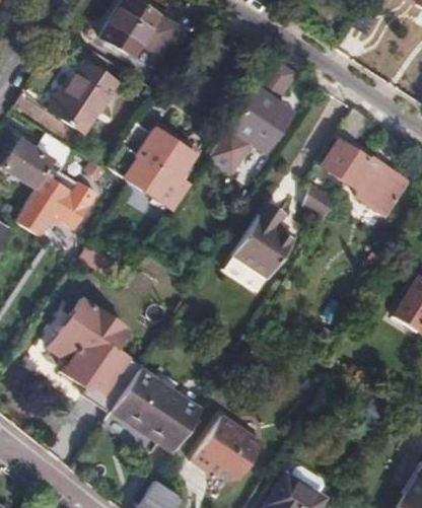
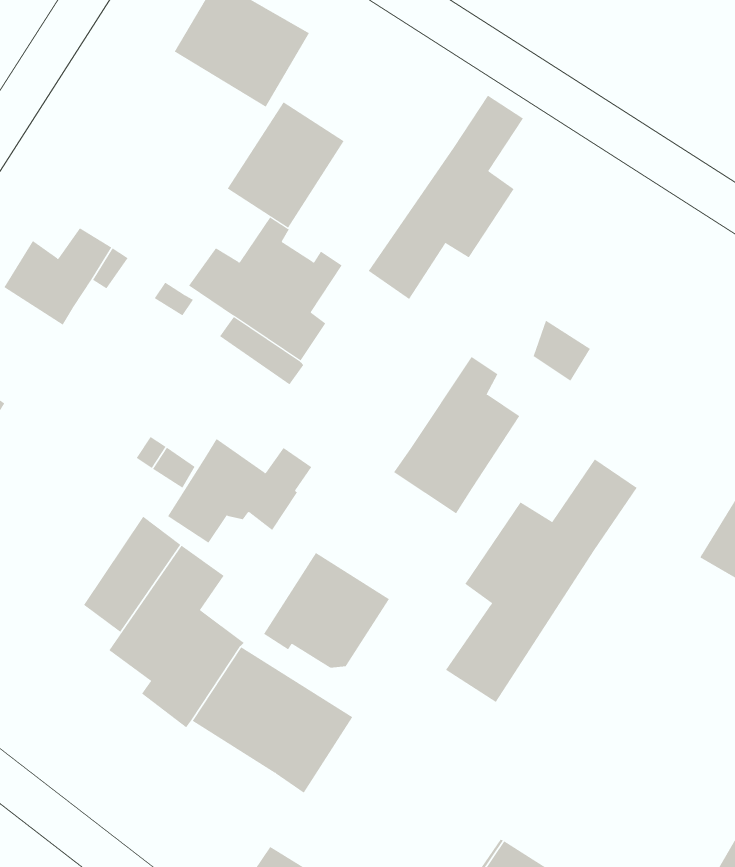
building: [52,61,118,132] -> [227,101,345,228]
building: [322,110,404,216] -> none
building: [18,178,99,237] -> [167,438,312,543]
building: none -> [445,458,637,703]
building: [193,415,264,480] -> [263,552,390,668]

